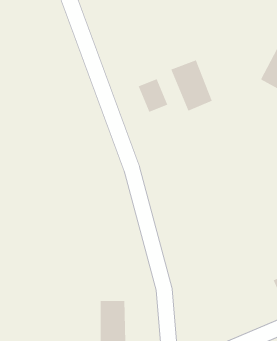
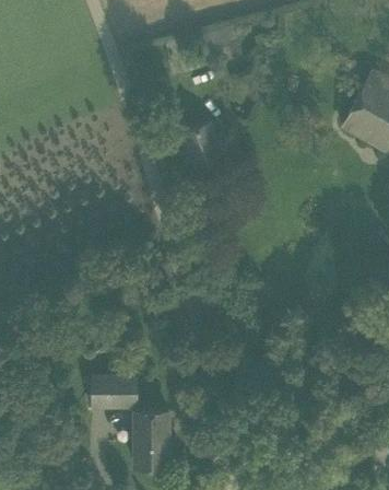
building: [171,60,213,111] -> none
building: none -> [94,381,135,409]

